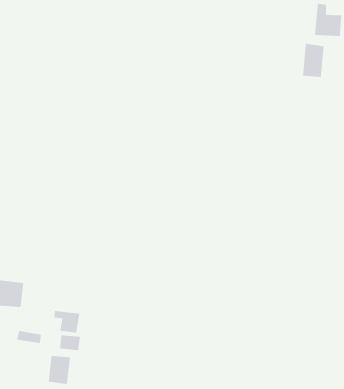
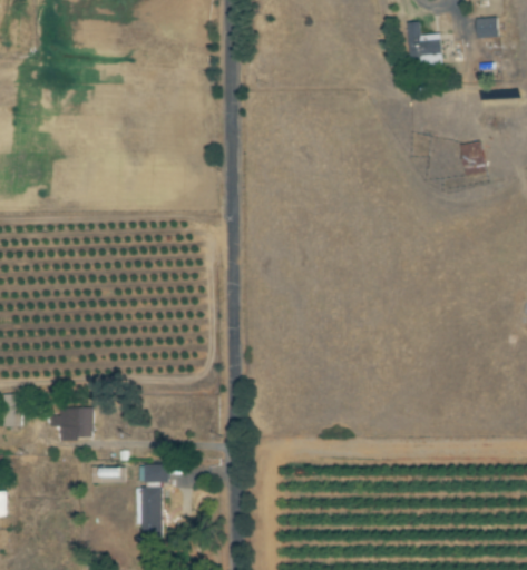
building: [302,43,324,78] -> none
building: [53,310,80,333] -> none

